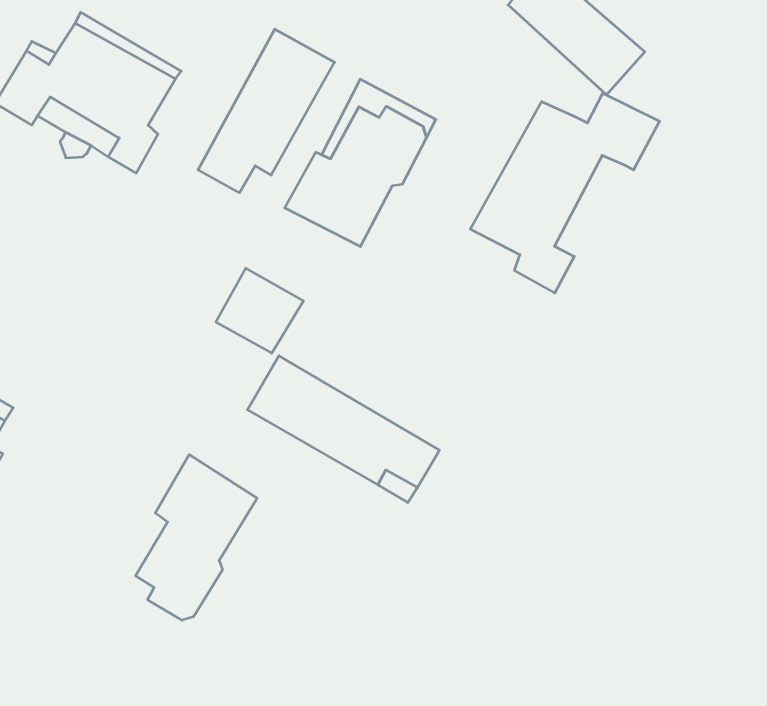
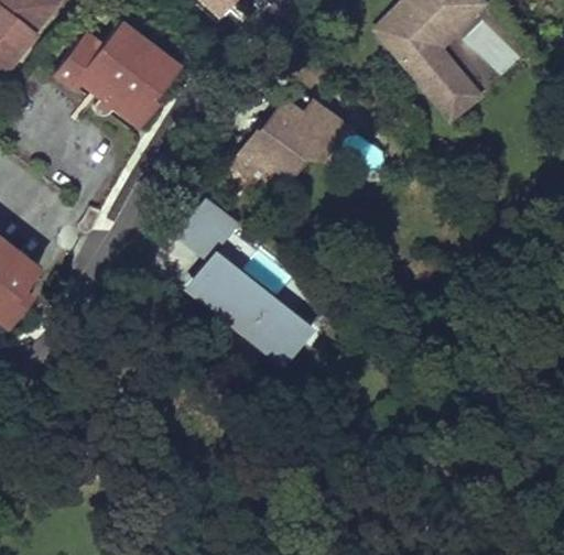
building: [198,29,335,193] -> none
building: [470,93,660,293] -> none
building: [136,455,257,620] -> none

